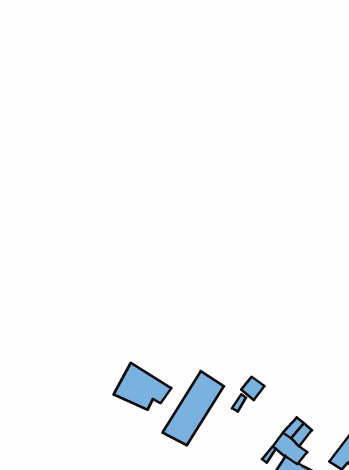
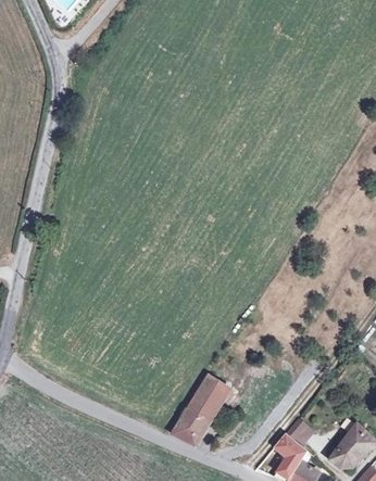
building: [114,363,171,410] -> none

